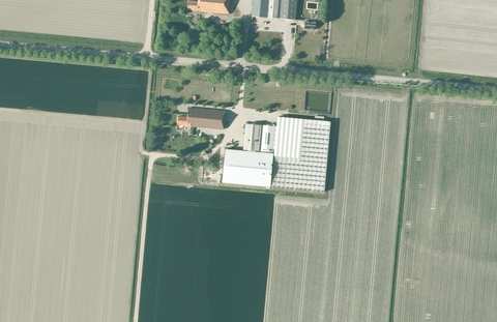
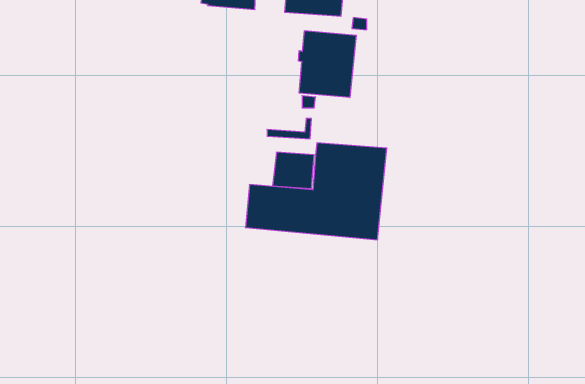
building: none -> [299,31,356,98]
building: [177,107,225,128] -> none

